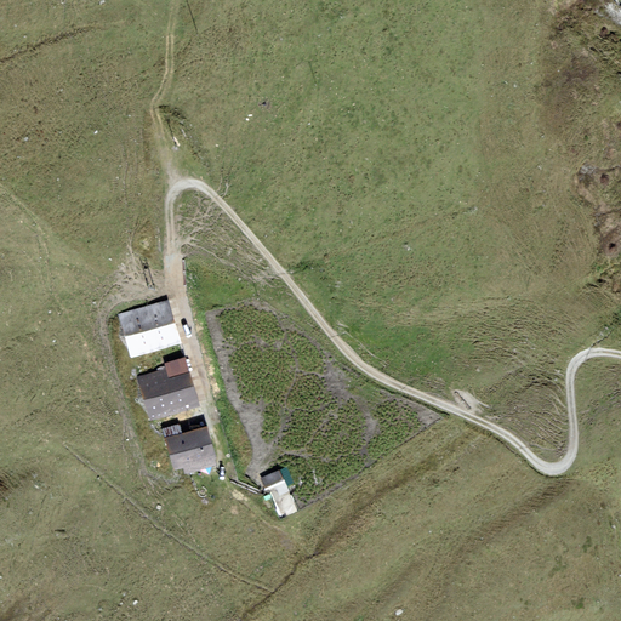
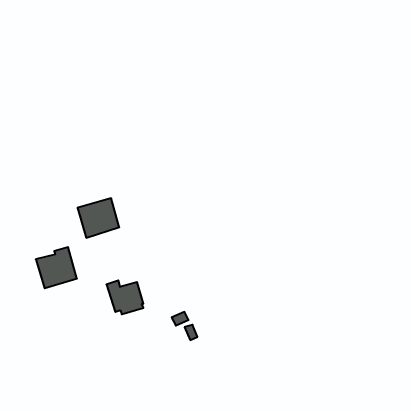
building: [136,357,198,418] -> [36,247,77,288]

